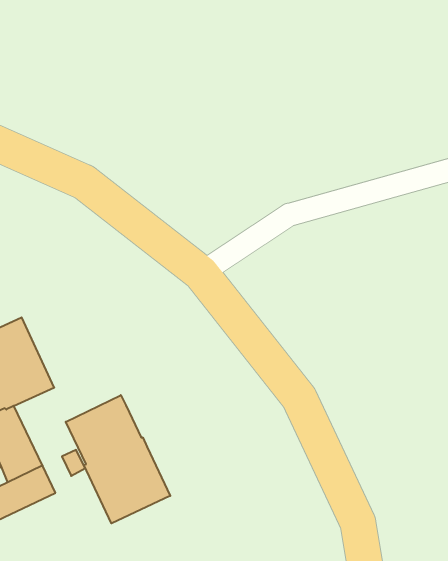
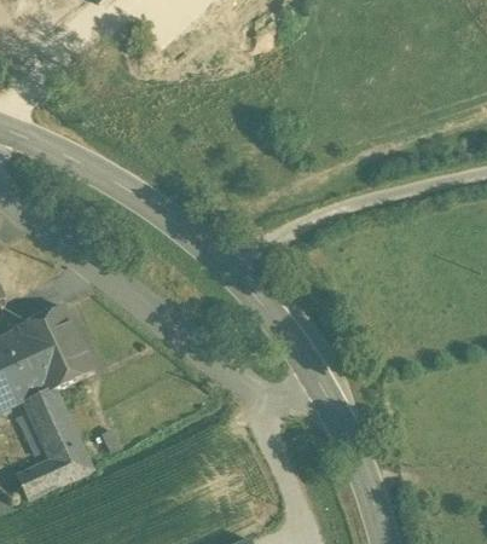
building: [66,395,170,523] -> none

